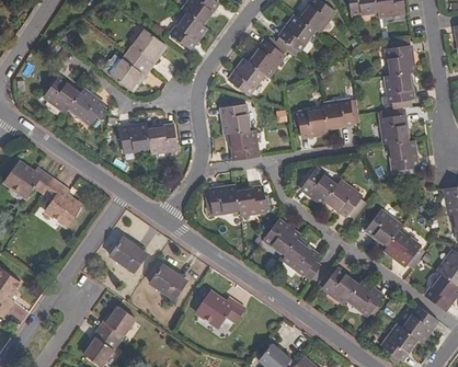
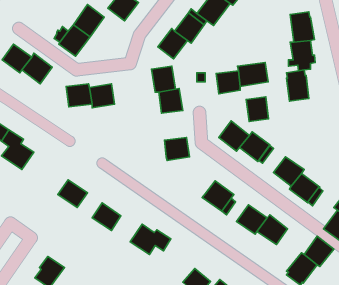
building: [389,140,415,170] -> [246,97,269,122]
building: [208,186,238,214] -> none
building: [262,218,299,254] -> none
building: [98,306,135,342] -> none

